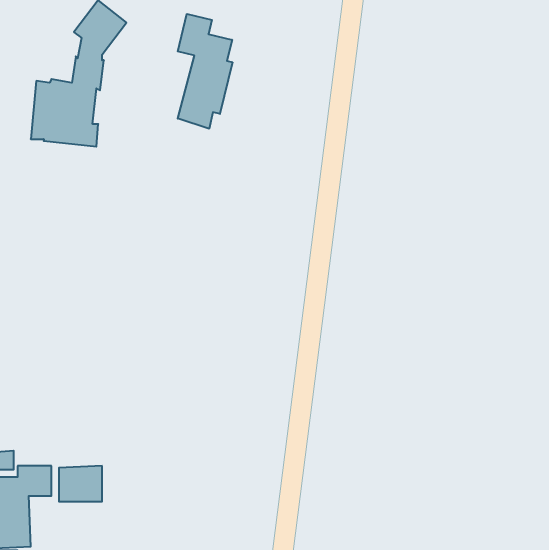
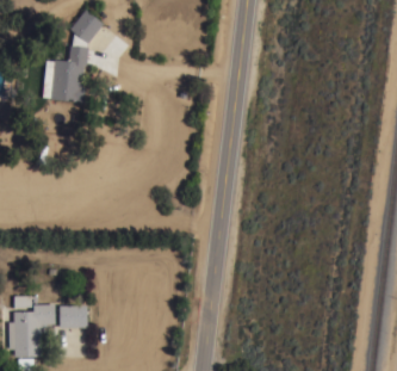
building: [178,14,232,129] -> none

